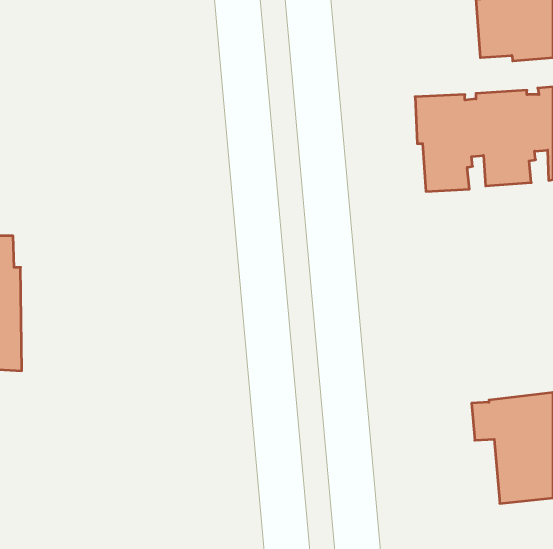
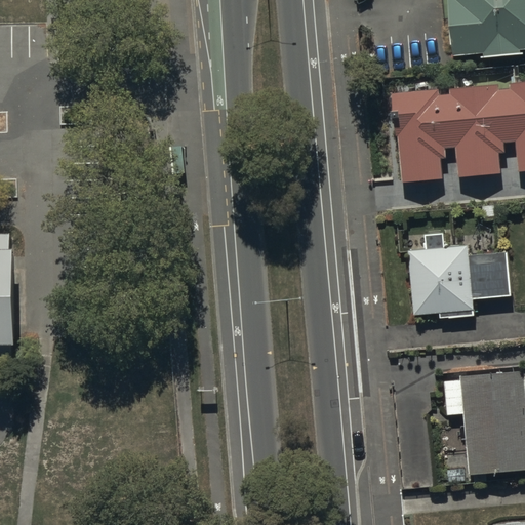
building: none -> [410,231,509,316]

